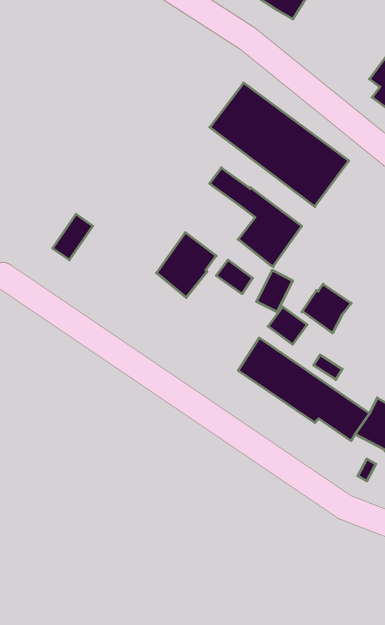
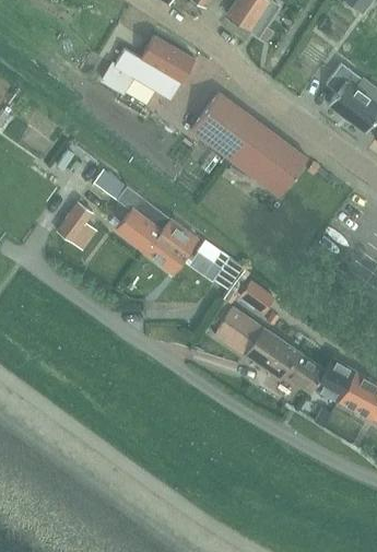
building: none -> [103,36,195,99]
building: [210,168,302,267] -> [93,169,170,252]
building: [302,284,351,333] -> none

